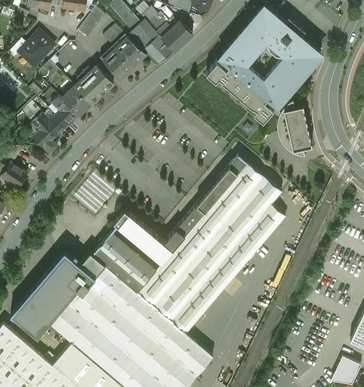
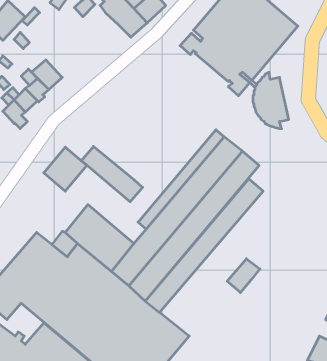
building: [100,34,146,78] -> none
building: [75,66,114,104] -> none
building: [113,212,173,266] -> [81,146,143,202]
building: none -> [227,259,260,293]

